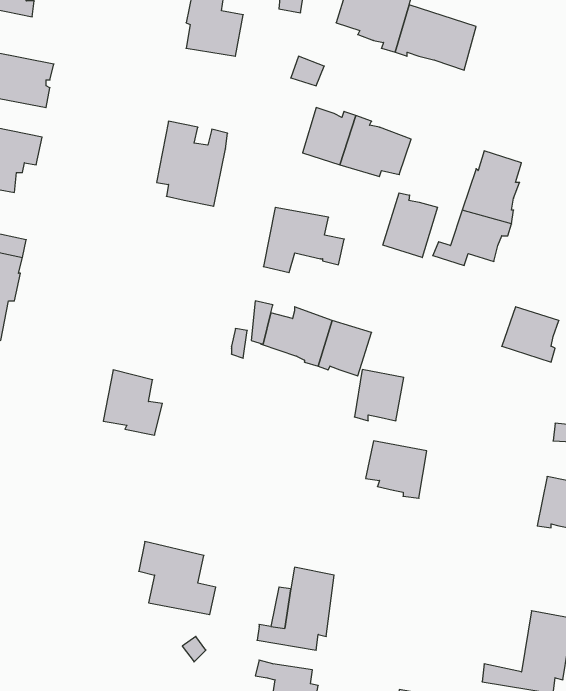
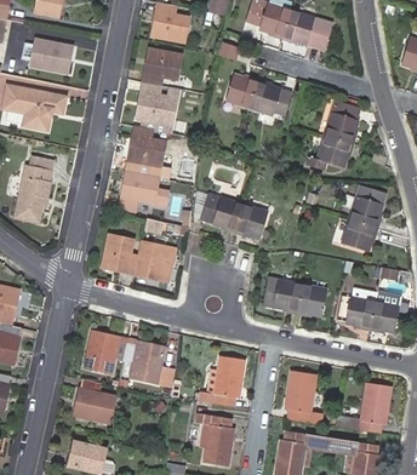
building: none -> [143,50,183,86]
building: [383,193,437,258] -> none
building: none -> [130,127,166,167]
building: [263,207,344,273] -> [119,172,168,212]
building: none -> [341,221,378,252]
building: [354,370,404,421] -> [297,285,327,316]
building: none -> [135,242,176,282]
building: none -> [345,296,376,331]
building: none -> [85,332,128,373]
building: none -> [285,371,321,424]
building: none -> [74,379,115,424]

